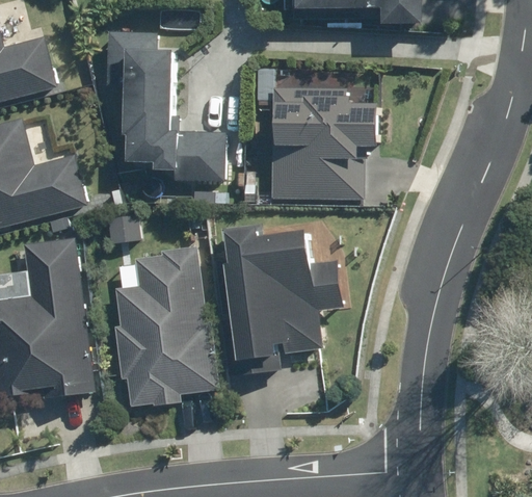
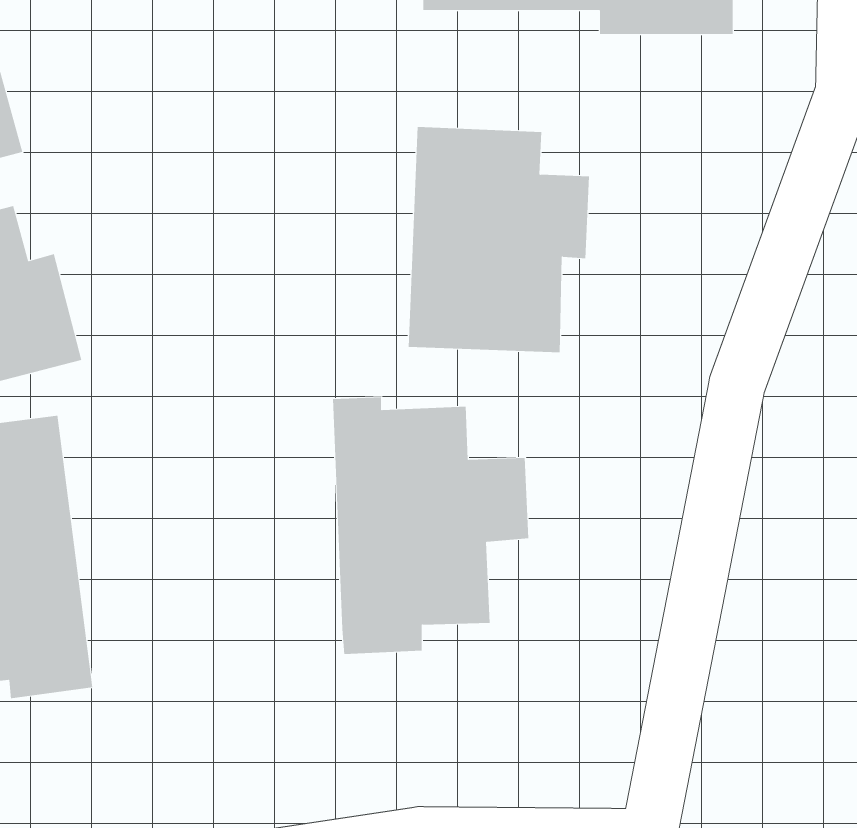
building: [105,33,229,184] -> none
building: [111,245,213,408] -> none

